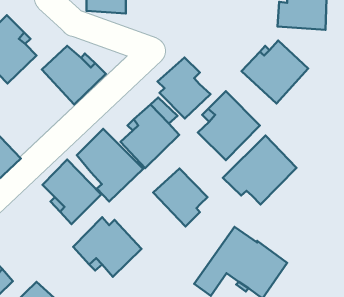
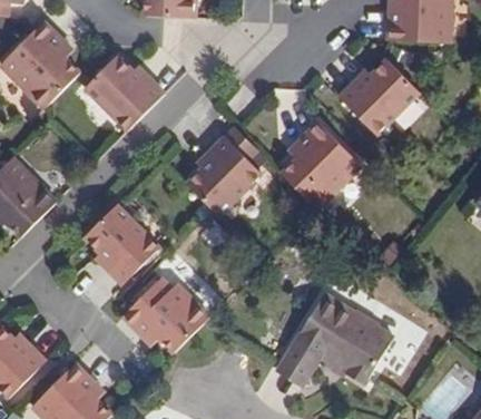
building: [157,57,210,118] -> none
building: [77,129,143,201] -> none
building: [223,135,297,204] -> none
building: [153,168,208,227] -> none

